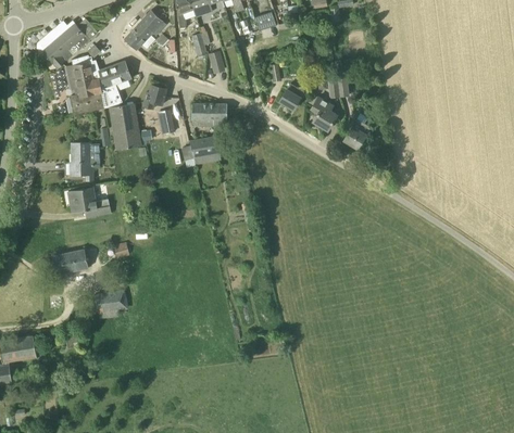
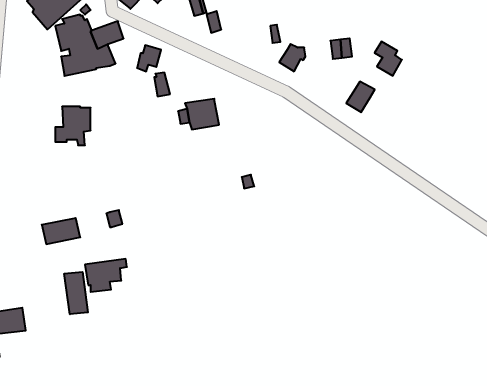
building: [310,98,336,130] -> [375,42,402,76]
building: [109,103,141,150] -> none
building: [191,103,226,126] -> none
building: [72,187,110,216] -> none
building: none -> [64,272,88,314]

